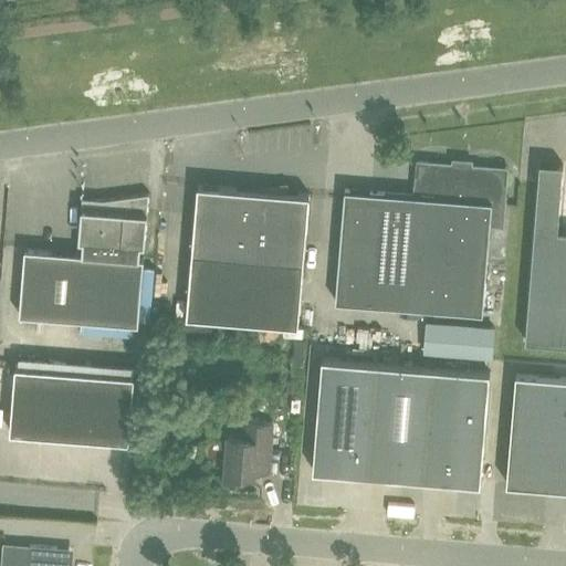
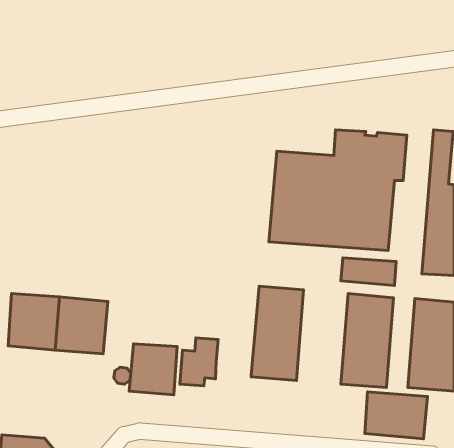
building: [186,189,308,333] -> none
building: [19,200,148,332] -> none
building: [368,368,432,485] -> none
building: none -> [129,344,177,395]
building: none -> [365,392,427,439]

